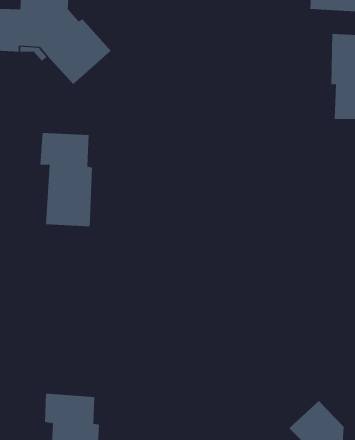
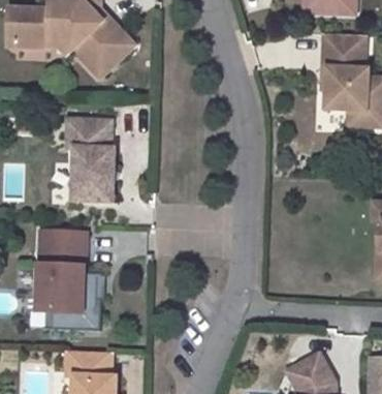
building: none -> [41,232,90,313]

